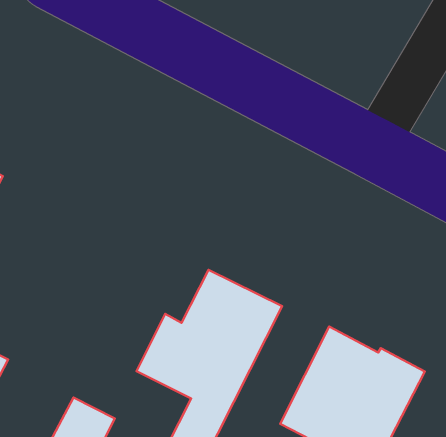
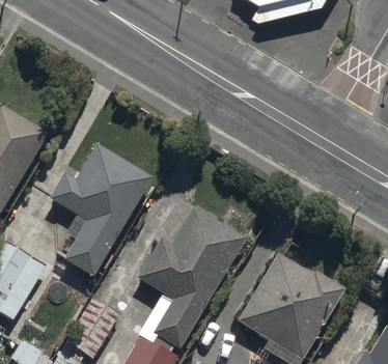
building: none -> [49,145,150,276]

